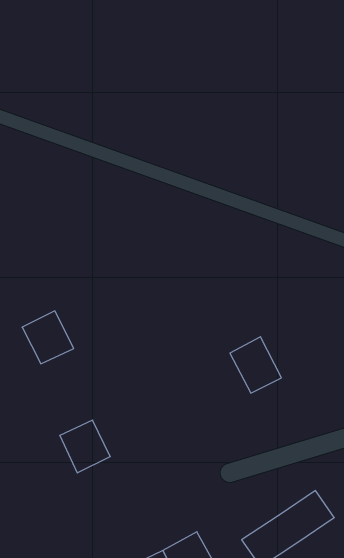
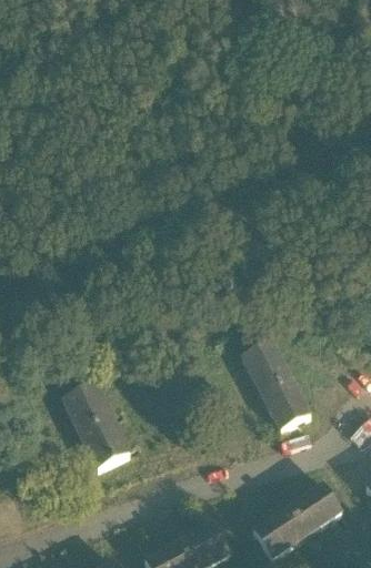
building: [22,311,74,364] -> [63,383,112,433]
building: none -> [262,378,310,429]

